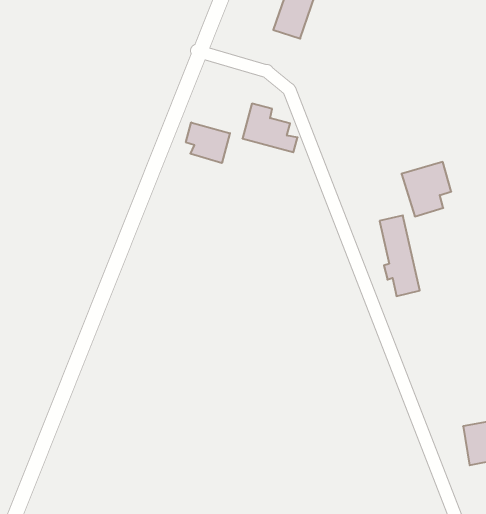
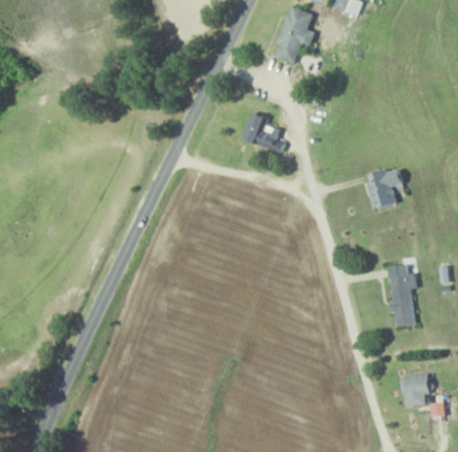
building: [186,122,230,163] -> none
building: [380,215,420,296] -> [387,264,415,327]

